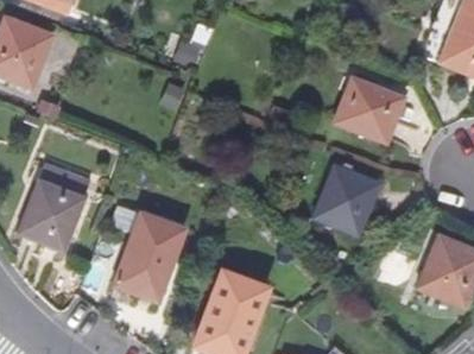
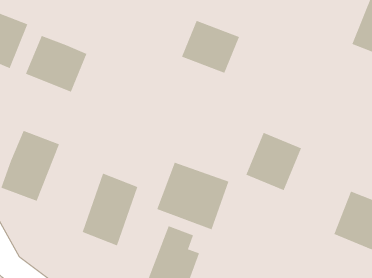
building: none -> [25,35,87,93]
building: [335,77,405,141] -> [181,20,240,74]
building: none -> [156,162,229,230]

